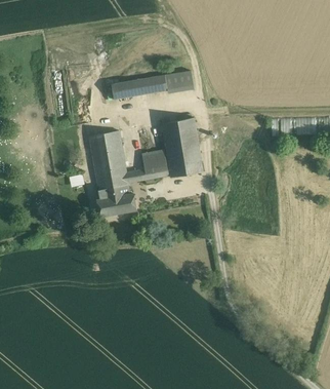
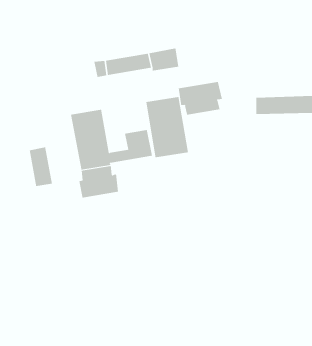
building: none -> [178,81,222,115]
building: none -> [29,147,53,187]

